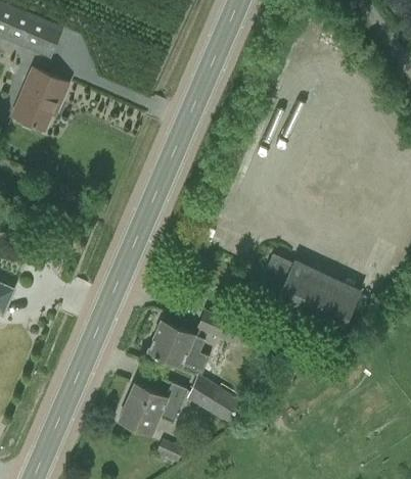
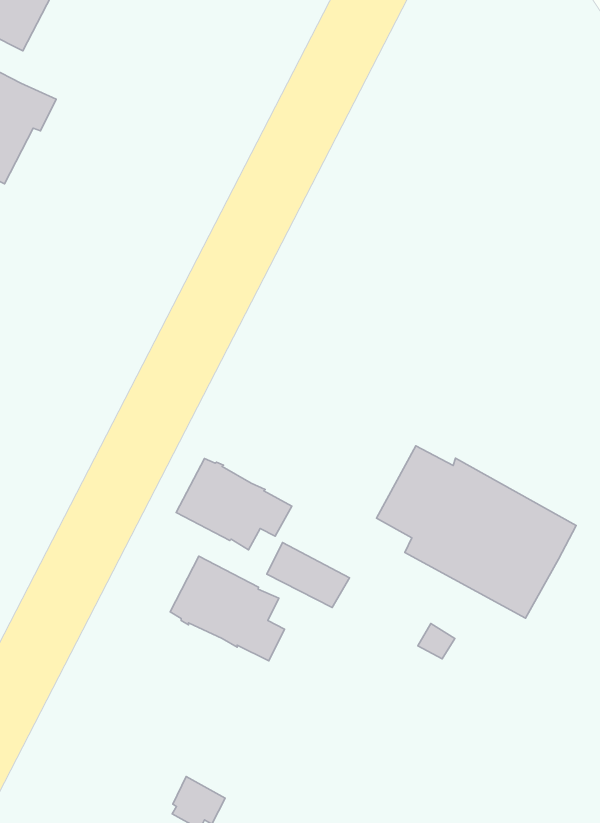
building: none -> [176,458,292,550]
building: [188,377,241,422] -> none
building: [119,381,186,433] -> none

